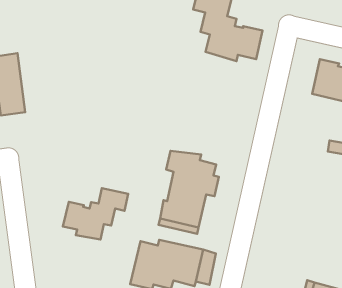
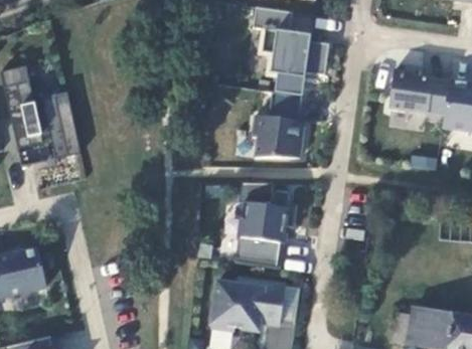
building: none -> [253,92,305,157]
building: [63,188,128,239] -> none

